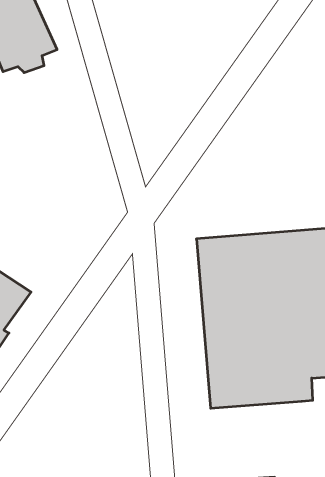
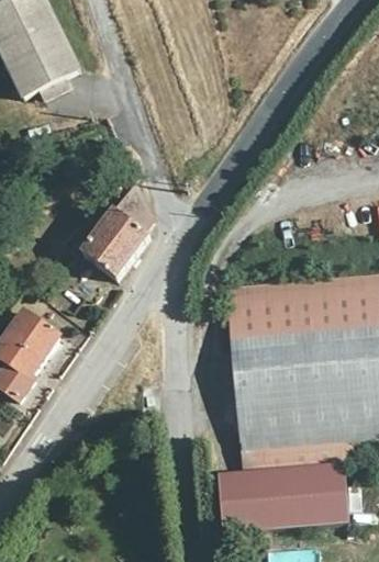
building: none -> [68,190,138,282]
building: none -> [220,462,350,535]

